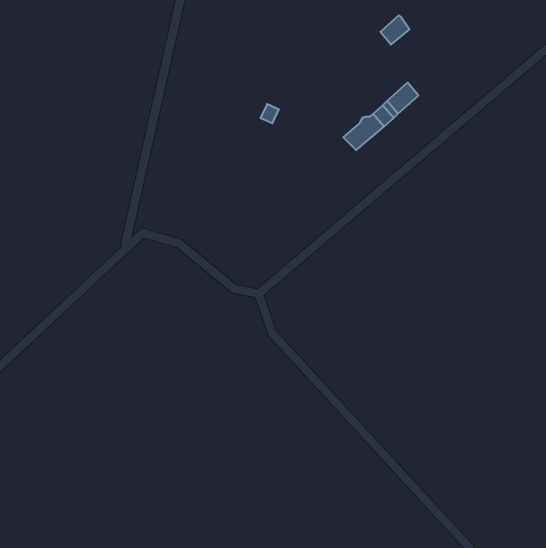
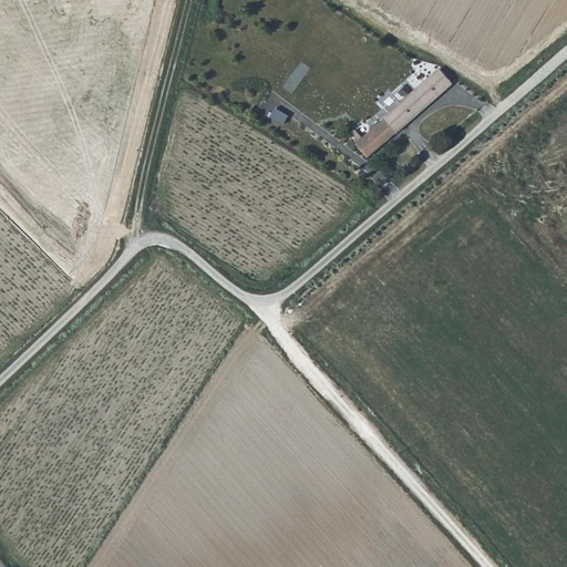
building: [380,16,409,45] -> [421,69,451,99]

